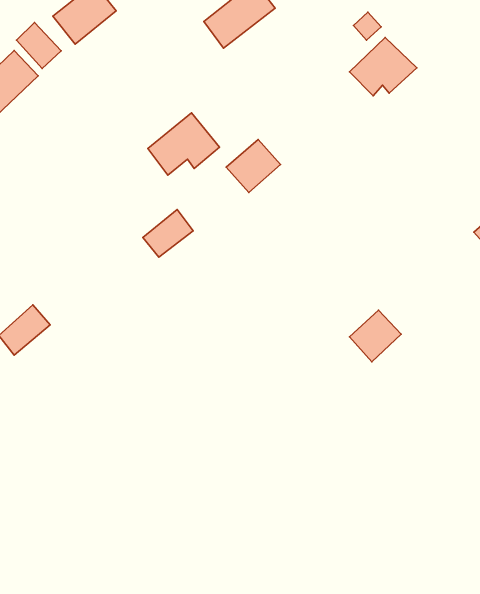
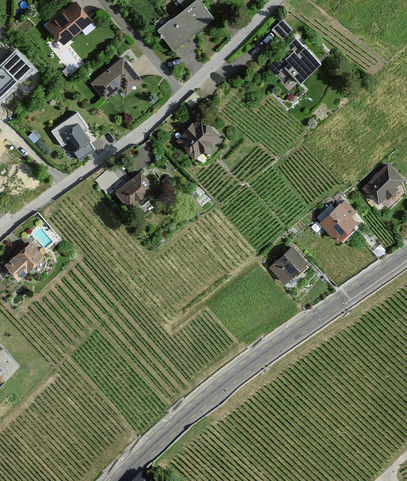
building: [17,23,61,69] -> none
building: [148,113,219,175] -> [90,55,144,102]
building: none -> [58,121,90,153]
building: none -> [321,205,356,240]

